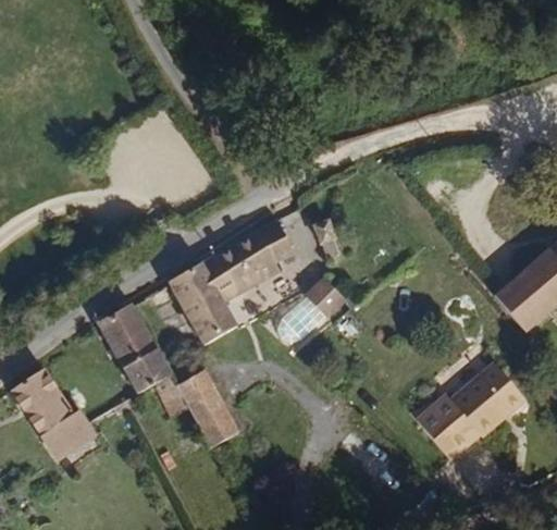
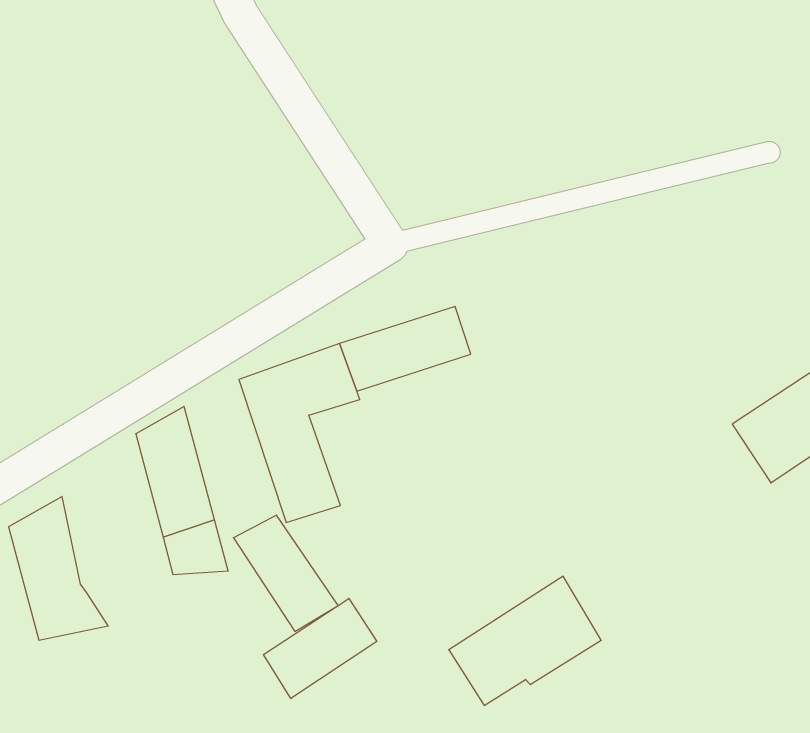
building: [283,280,344,331] -> none
building: [423,363,522,451] -> [449,576,601,705]
building: none -> [264,598,377,699]

